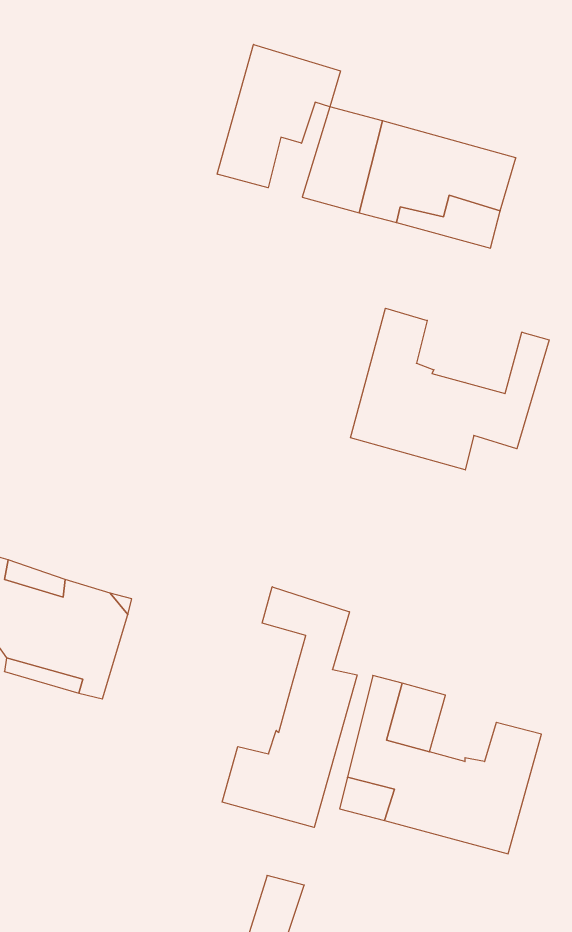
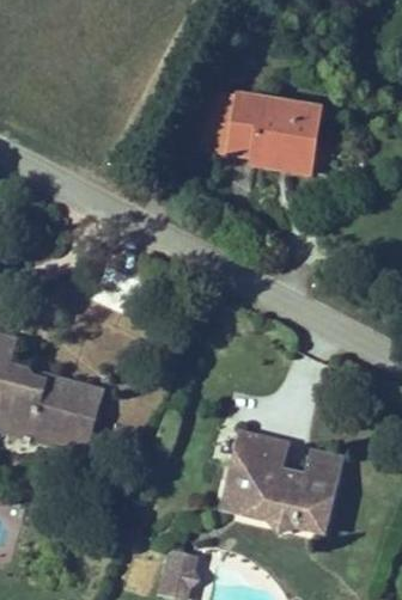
building: [217,44,340,188] -> none
building: [350,308,549,470] -> none
building: [222,587,357,827] -> none

